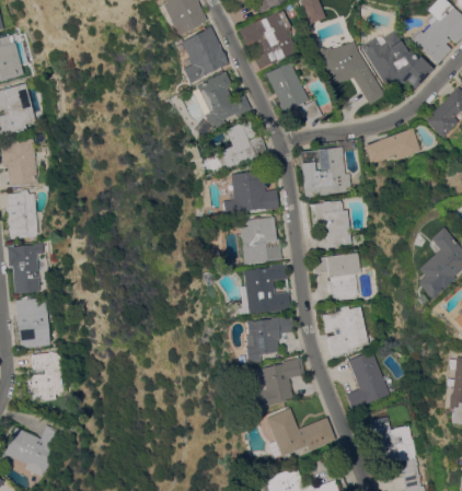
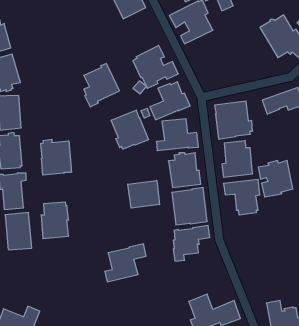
building: [180,25,228,84] -> [84,63,119,107]
building: [316,42,384,104] -> none
building: [266,61,322,124] -> none
building: none -> [111,110,148,149]
building: none -> [41,139,71,175]
building: none -> [128,180,160,208]
building: [322,306,369,355] -> [258,161,293,197]
building: [345,350,396,410] -> none
building: [28,352,66,401] -> [41,202,69,238]
building: [249,358,304,409] -> [105,244,146,282]

